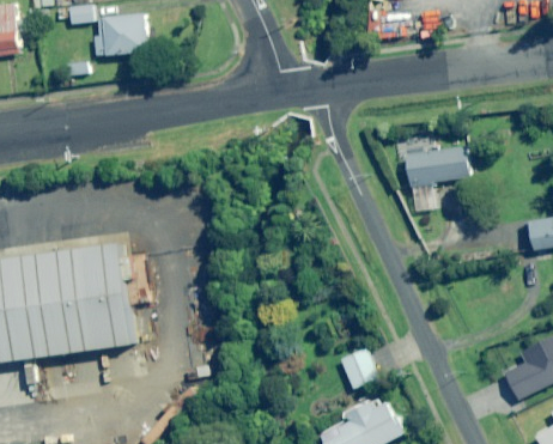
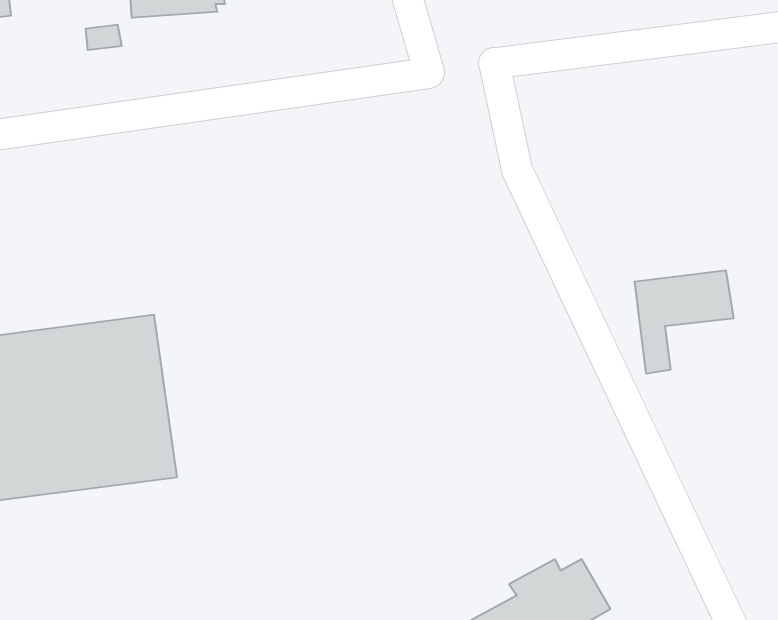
building: [411,148,473,213] -> [634,270,734,373]
building: [342,349,382,390] -> none

